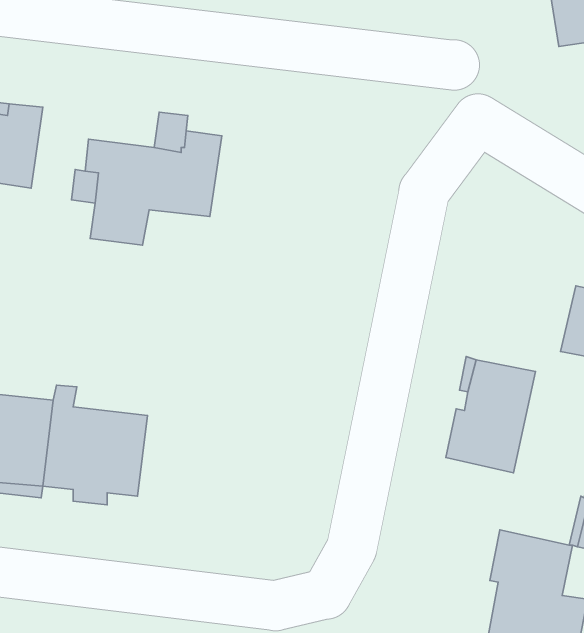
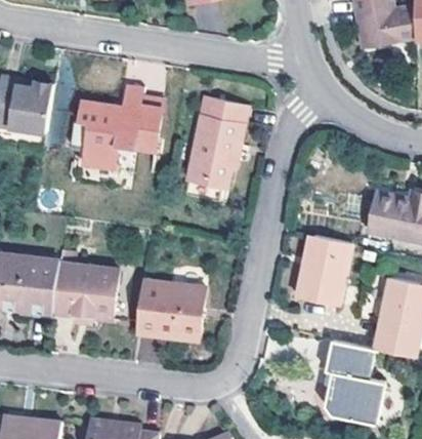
building: none -> [187,95,245,188]
building: none -> [135,279,203,340]

